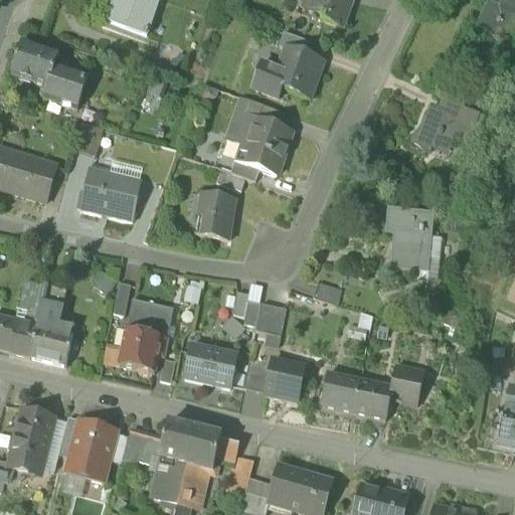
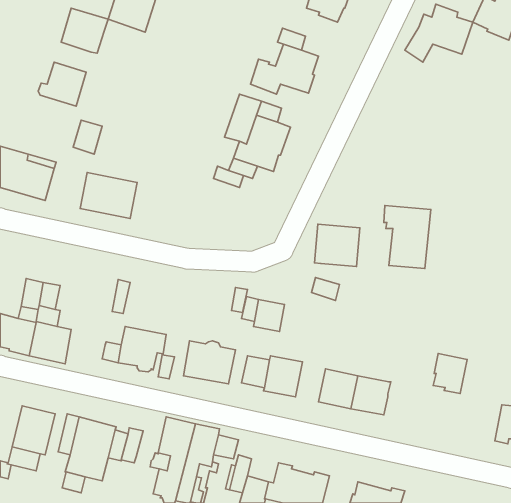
building: [12,39,59,84] -> [61,8,108,53]
building: [411,92,480,150] -> [405,4,473,62]
building: [196,192,234,237] -> none
building: none -> [315,224,360,267]
building: [127,297,174,336] -> none
building: [390,363,424,403] -> [433,353,467,393]
building: [138,433,164,463] -> none

